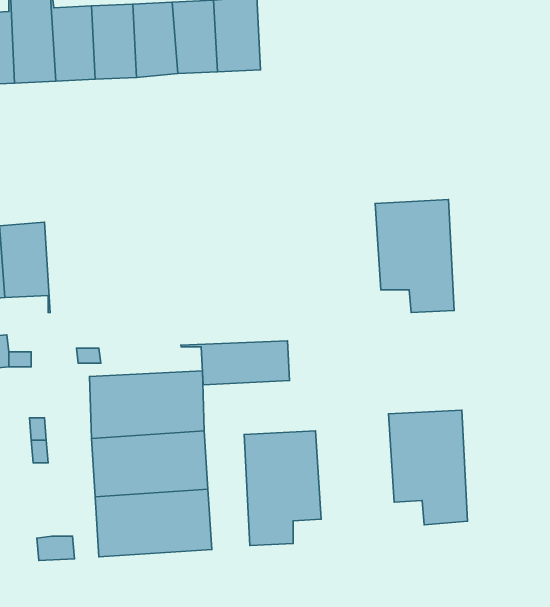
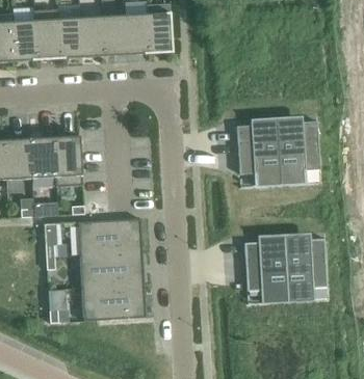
building: none -> [277,120,319,185]
building: none -> [53,135,82,186]
building: [181,341,290,385] -> none
building: [244,431,321,545] -> [284,238,327,301]

